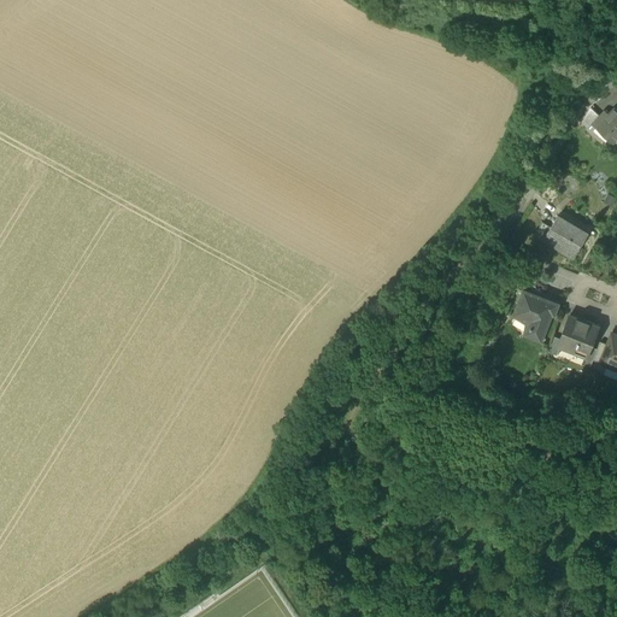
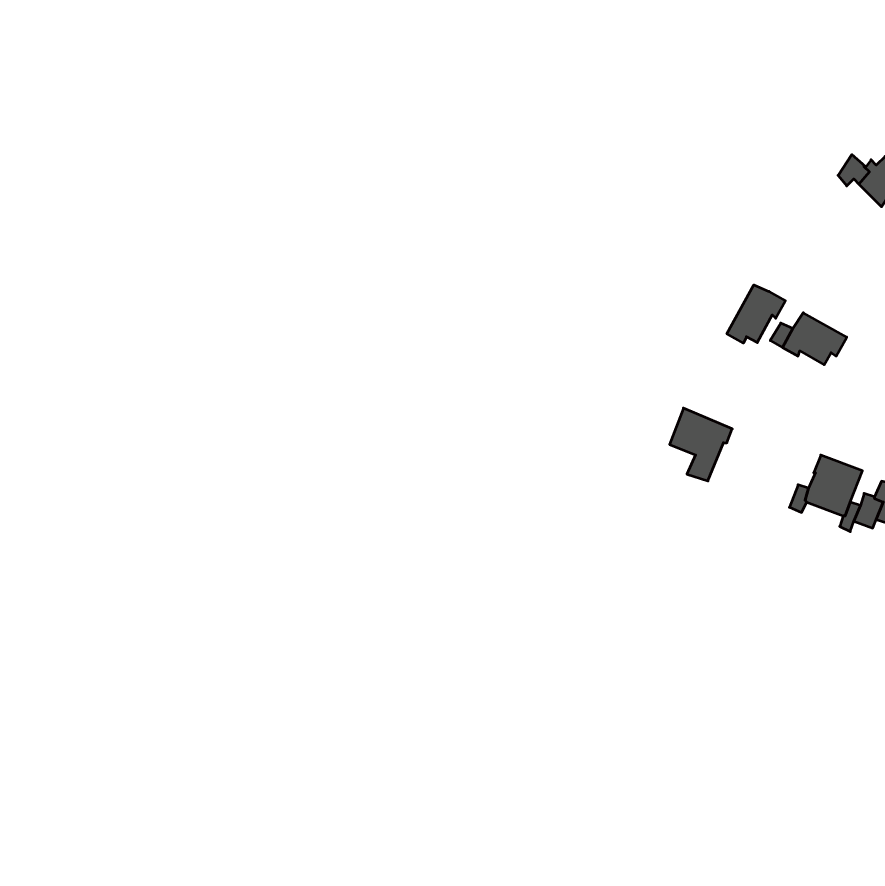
building: none -> [727,285,785,343]
building: [516,290,559,341] -> [670,408,732,481]

